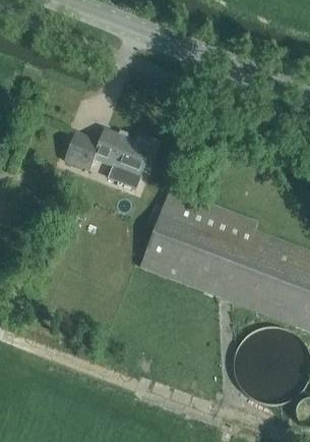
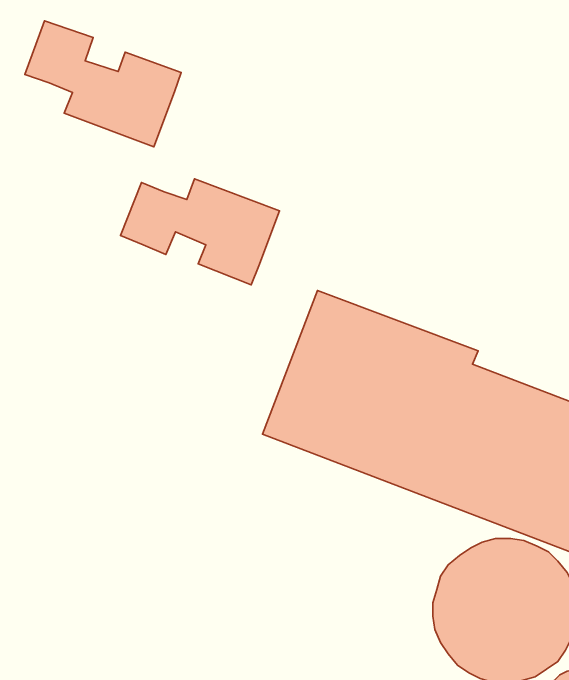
building: none -> [25,21,181,147]

